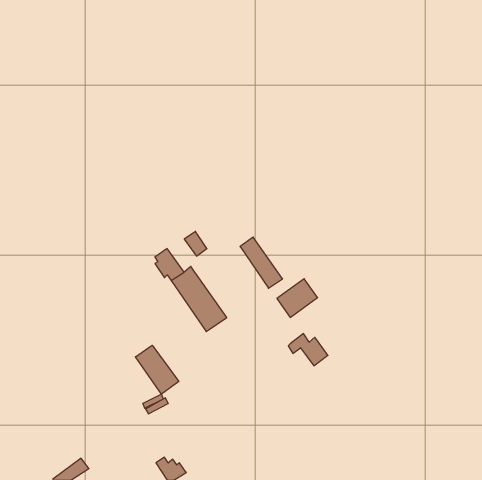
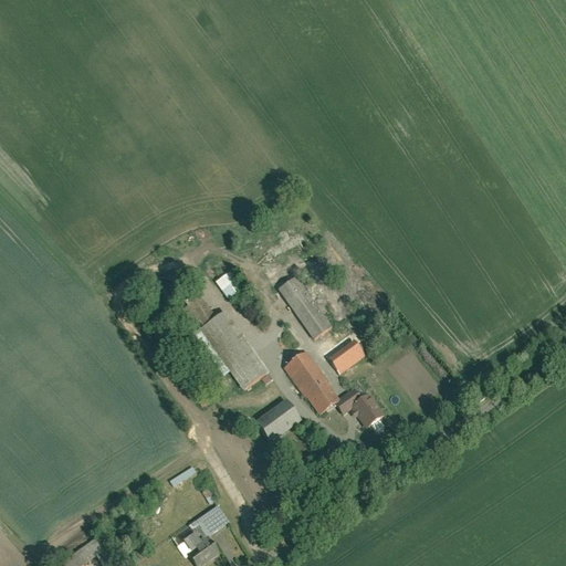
building: none -> [284,354,339,415]
building: none -> [261,400,300,438]
building: [135,345,179,394] -> none
building: none -> [197,506,227,536]

